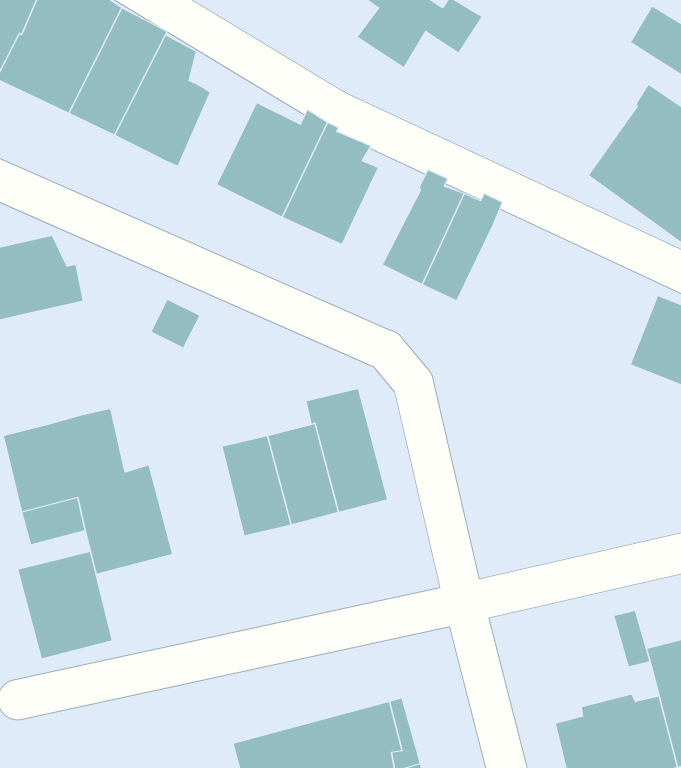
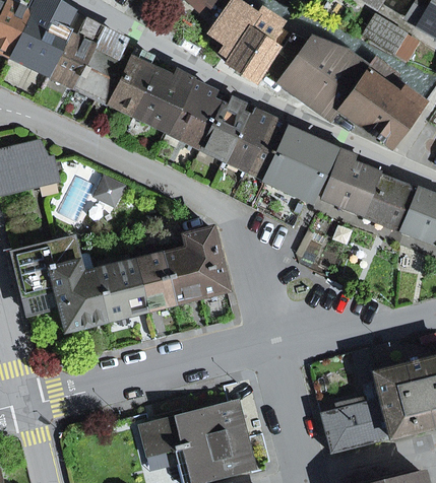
building: none -> [228,29,277,82]
building: none -> [268,34,367,119]
building: none -> [111,49,154,115]
building: none -> [202,95,246,159]
building: none -> [266,125,333,201]
building: none -> [322,150,378,215]
building: [18,551,112,659] -> [95,261,147,321]

